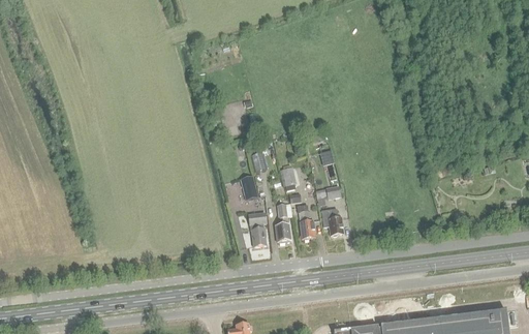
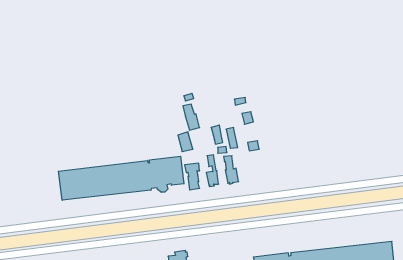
building: none -> [58,156,184,200]
building: [321,205,343,234] -> none

